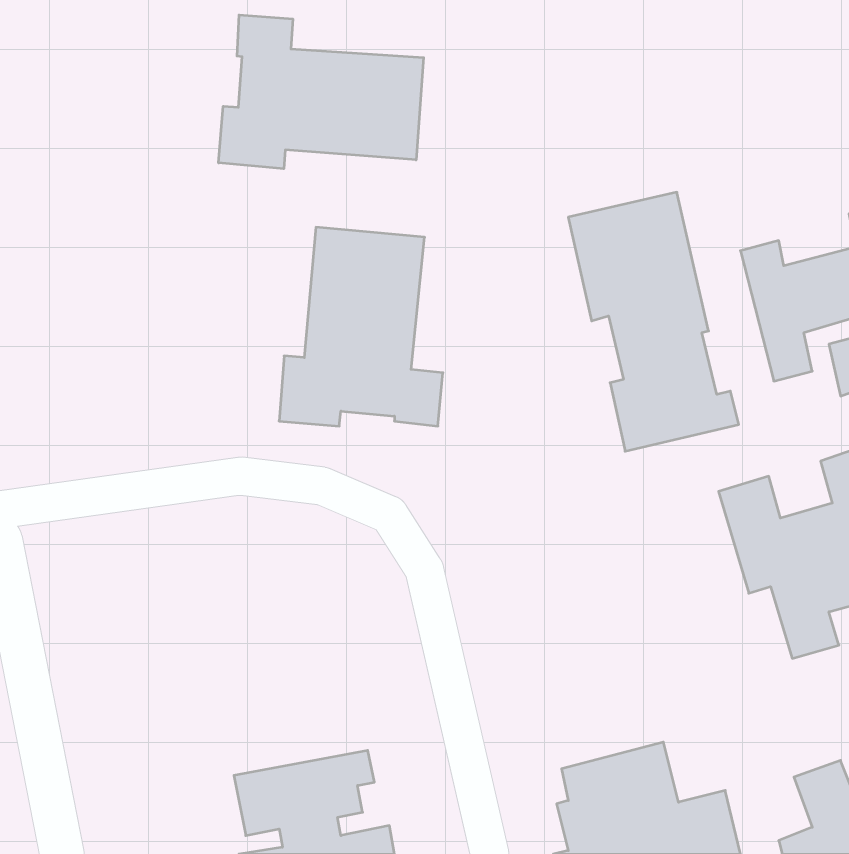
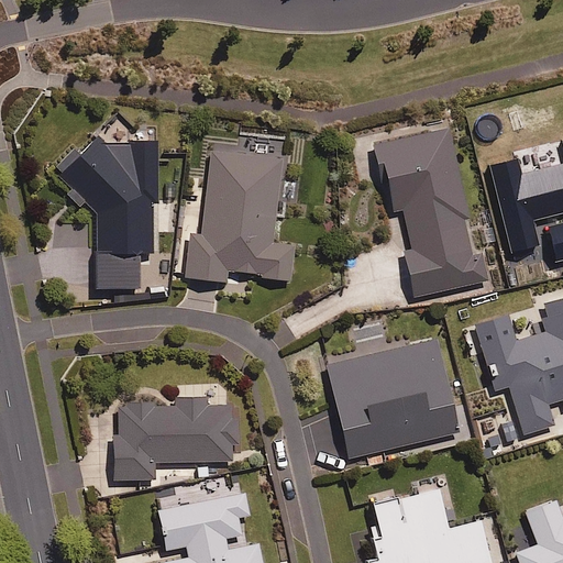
building: [219,15,424,169] -> none
building: none -> [58,137,158,289]
building: none -> [328,339,459,457]
building: none -> [113,397,239,479]

